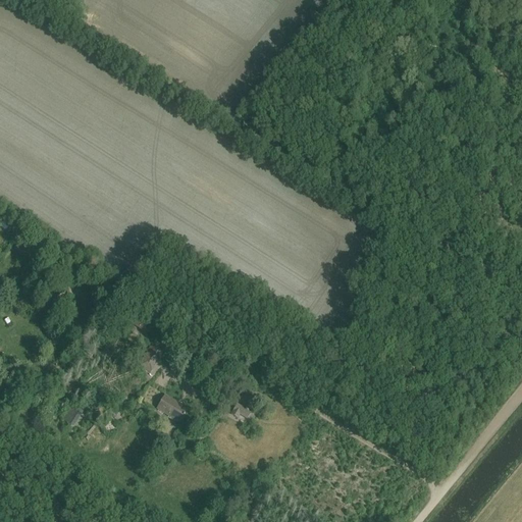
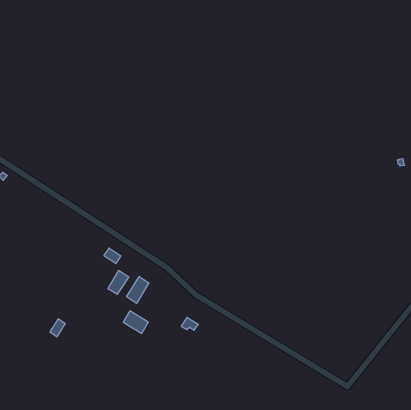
building: none -> [127,276,149,303]

